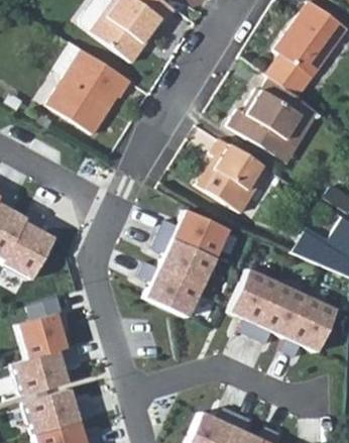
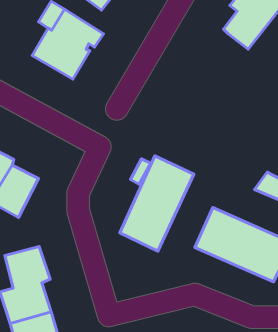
building: [228,78,318,161] -> none
building: [197,137,269,211] -> none

